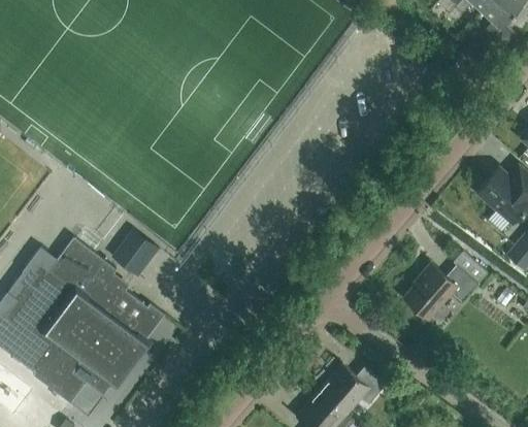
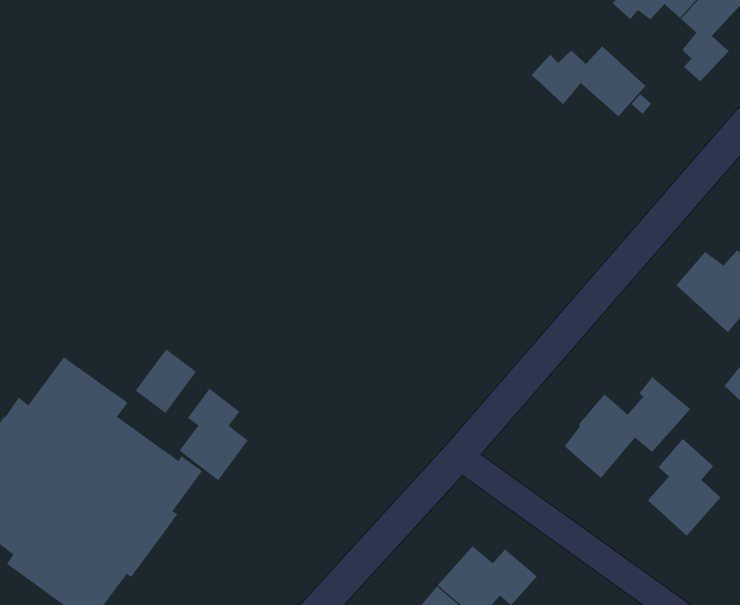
building: none -> [531,46,646,117]
building: none -> [179,388,248,481]
building: none -> [647,438,721,537]

